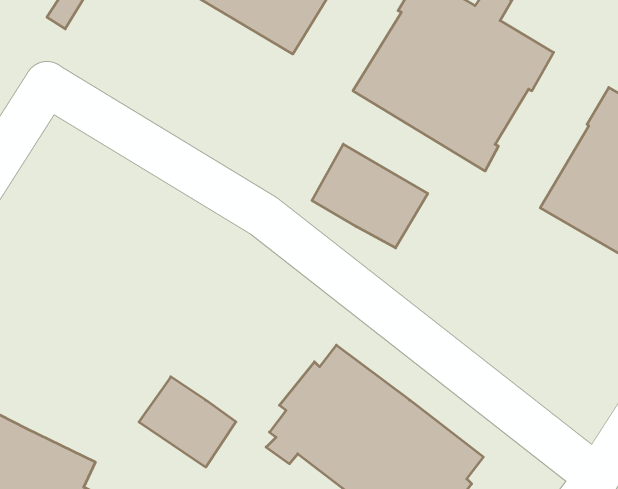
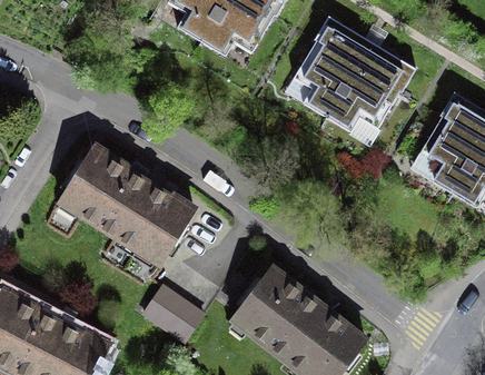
building: [312,144,428,248] -> none
building: none -> [55,139,199,275]

